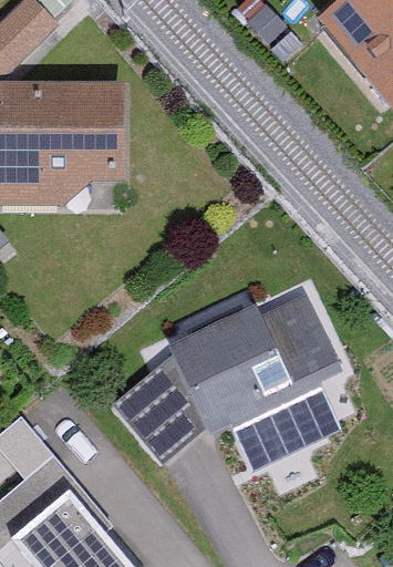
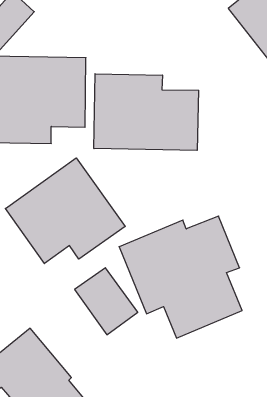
building: none -> [94,74,199,150]
building: none -> [5,158,125,264]

